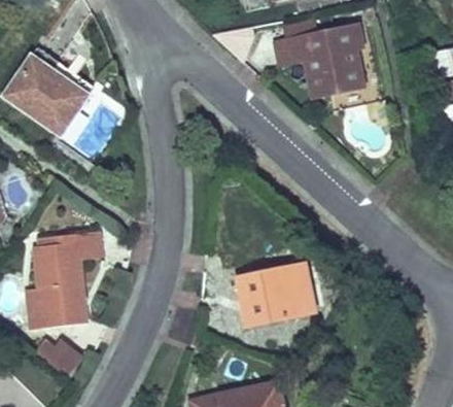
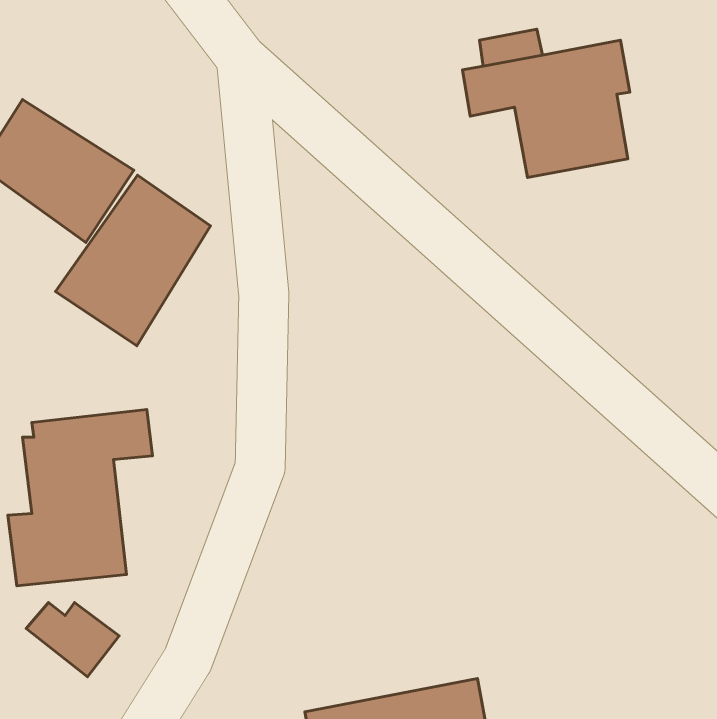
building: none -> [55,175,211,346]
building: [235,262,318,328] -> none

